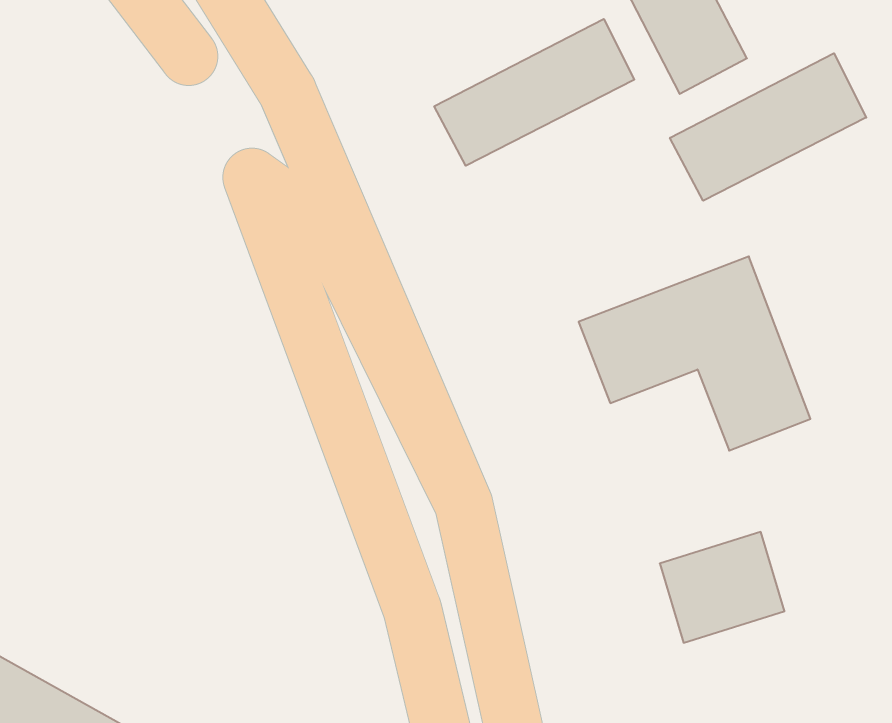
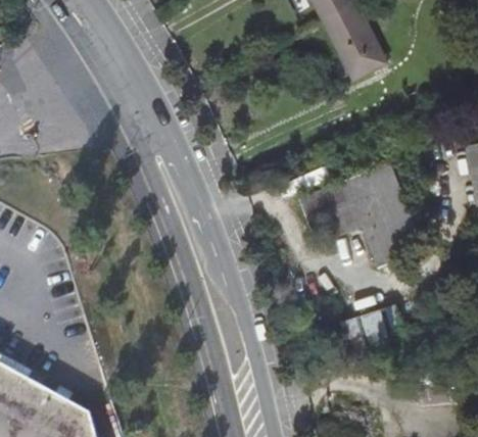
building: [434,19,634,166] -> none
building: [670,53,866,201] -> none

